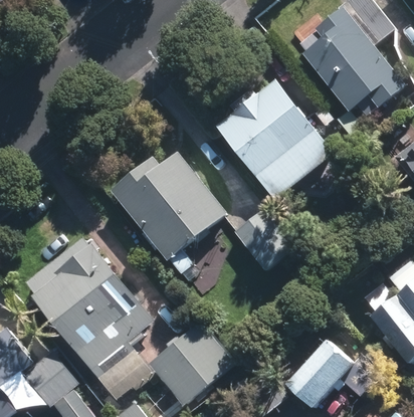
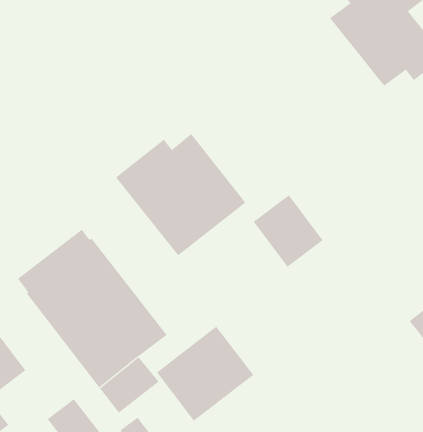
building: [217,80,333,199] -> none
building: [285,342,353,408] -> none
building: [21,350,77,407] -> none

